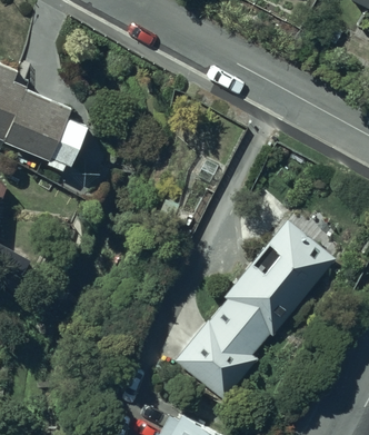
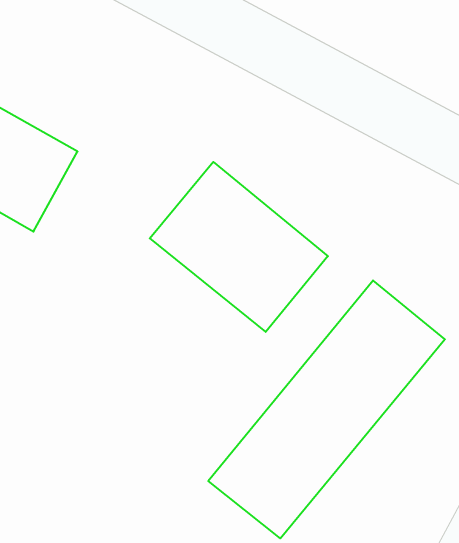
building: none -> [150,162,328,332]

